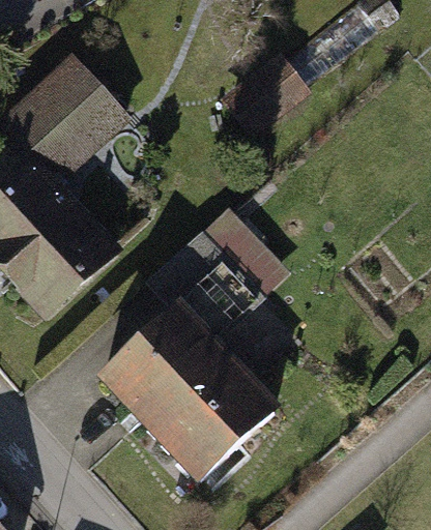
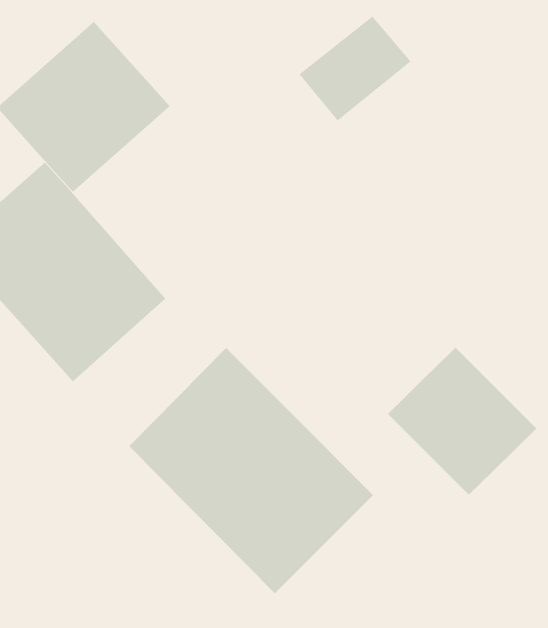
building: [144,218,269,342] -> none
building: none -> [387,347,537,495]

